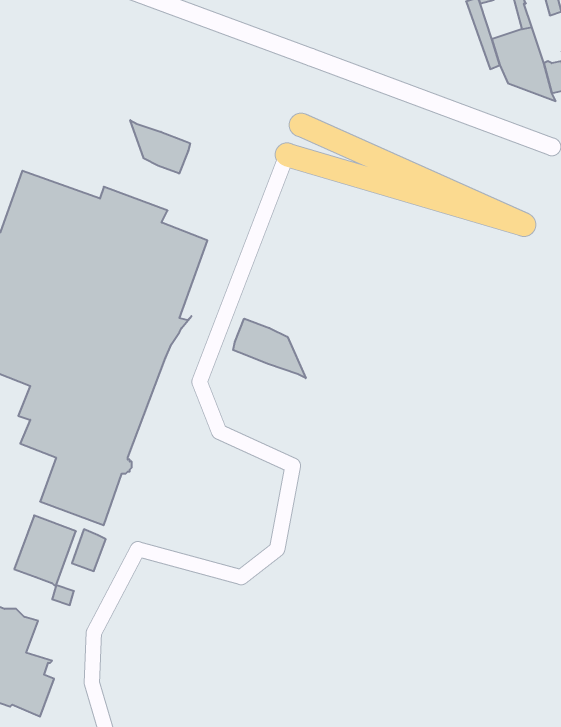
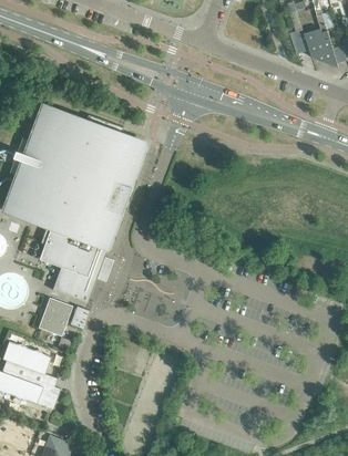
building: [130,120,190,174] -> none
building: [233,319,306,378] -> none

